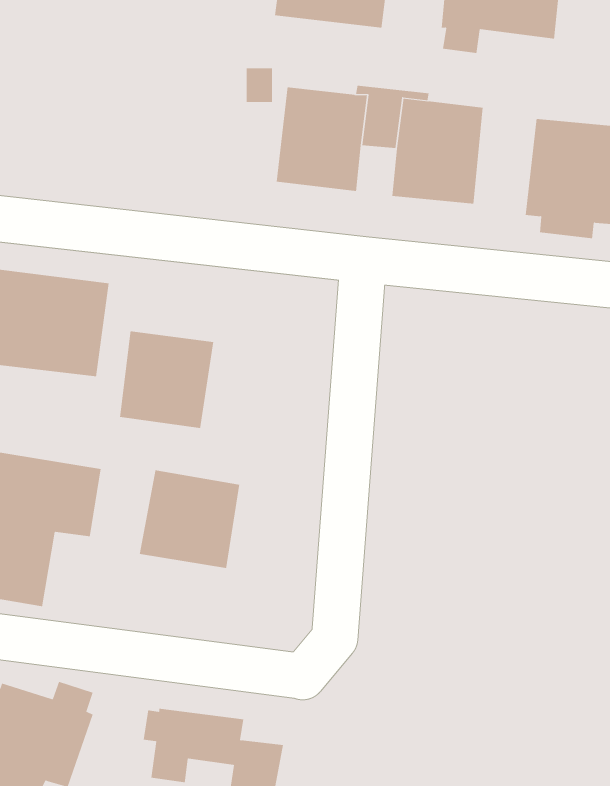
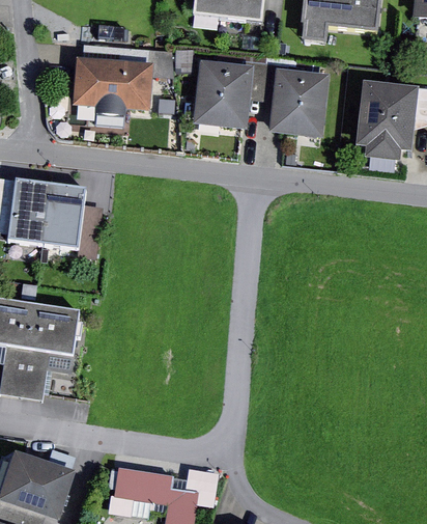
building: none -> [73,43,171,114]
building: [119,331,214,429] -> none
building: [139,469,240,569] -> none

